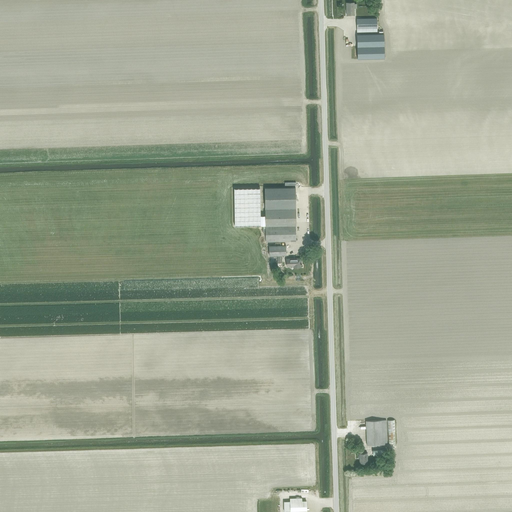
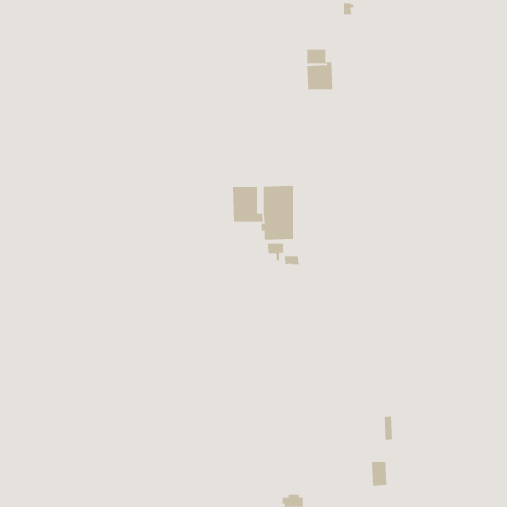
building: [357,18,384,59] -> [306,49,333,90]
building: [367,421,383,446] -> [371,462,387,486]

